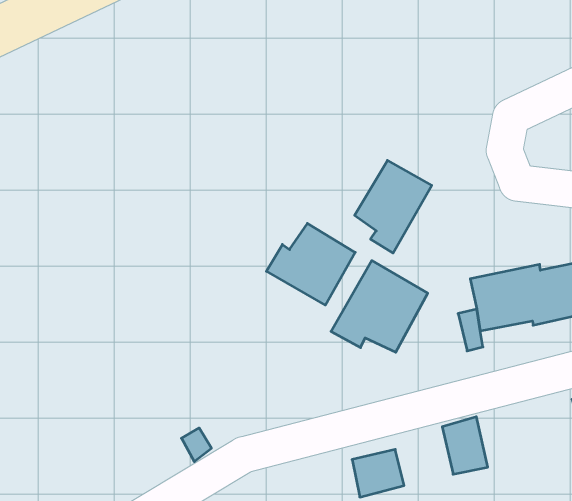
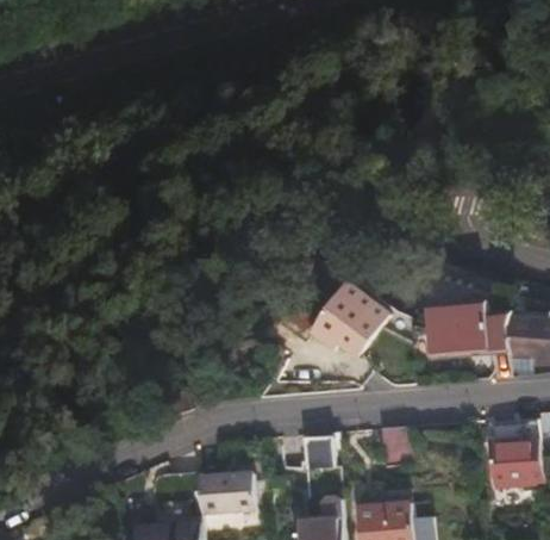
building: [355,160,432,253] -> none
building: [266,223,355,305] -> none

